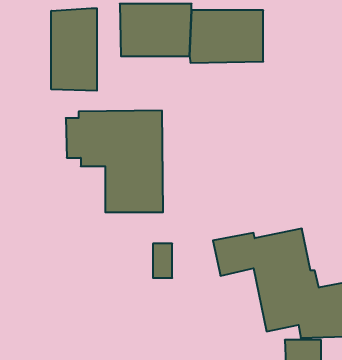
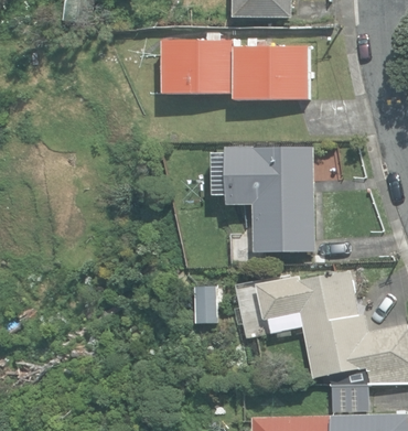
building: [51,8,97,91] -> none
building: [66,111,163,212] -> [213,147,313,251]

